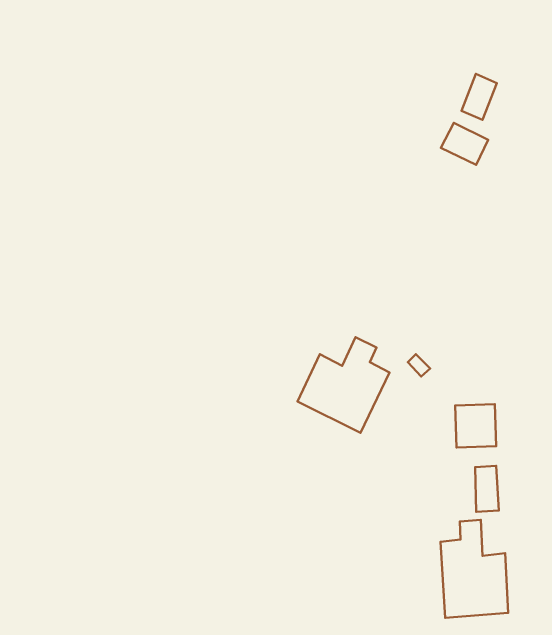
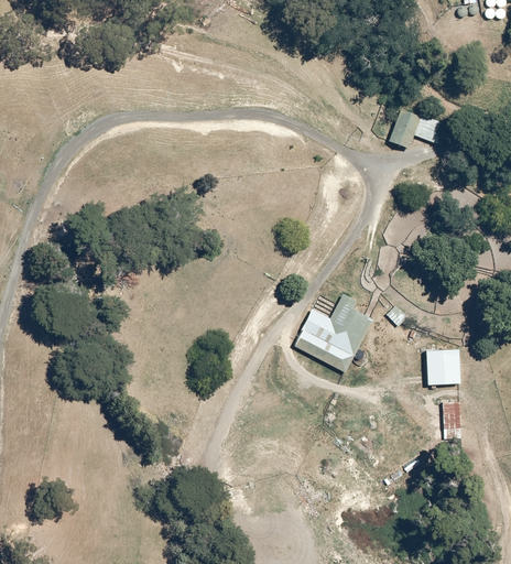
building: [461,74,497,120] -> [388,109,417,148]
building: [441,520,508,618] -> none

